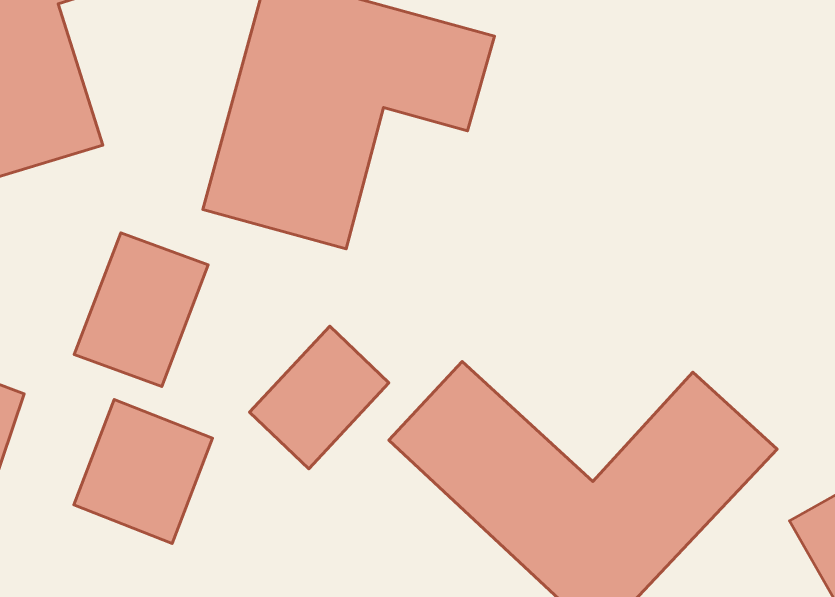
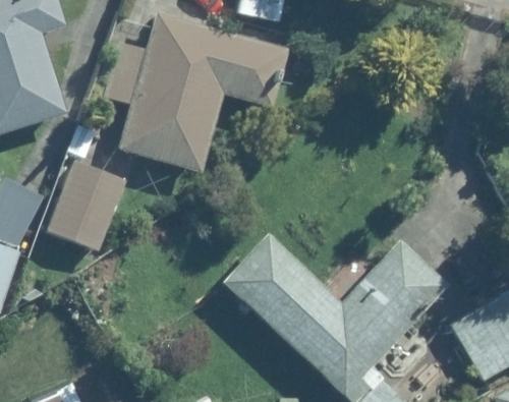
building: [250,326,389,469] -> none
building: [74,400,212,544] -> none

